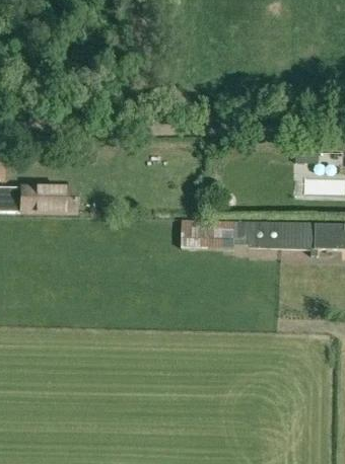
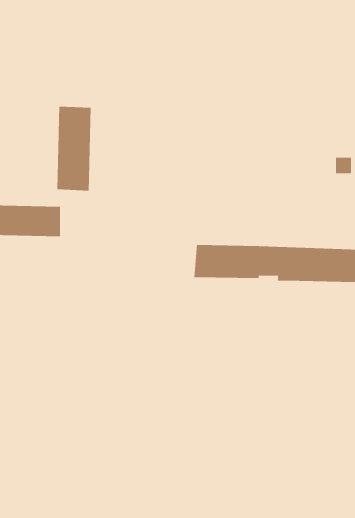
building: none -> [57,106,91,191]

